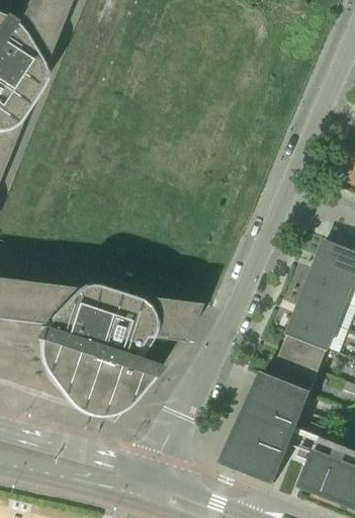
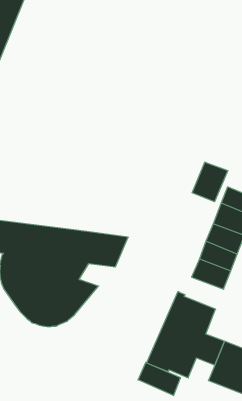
building: none -> [192,162,228,202]
building: [269,355,319,396] -> none
building: none -> [138,362,180,396]

